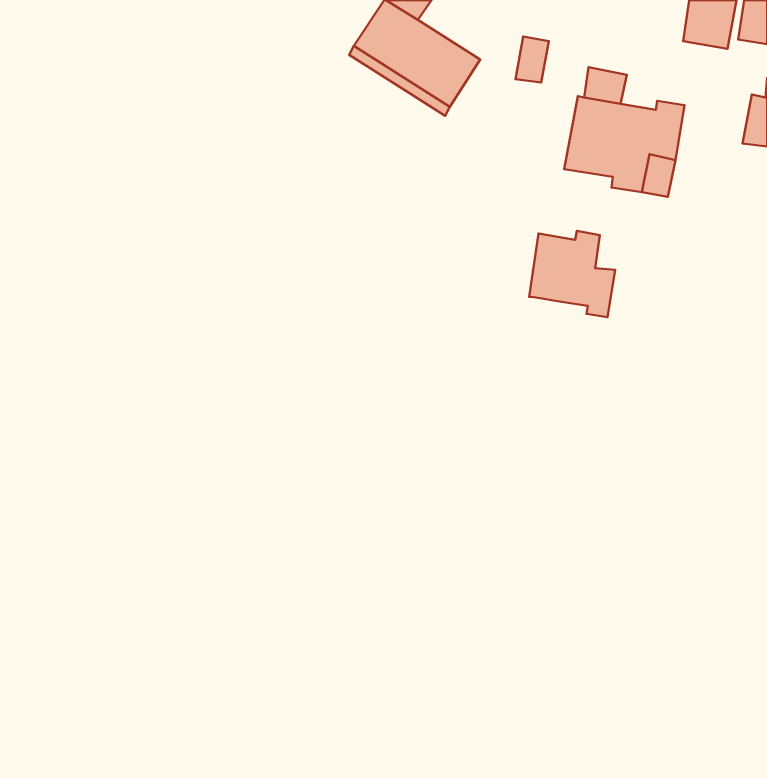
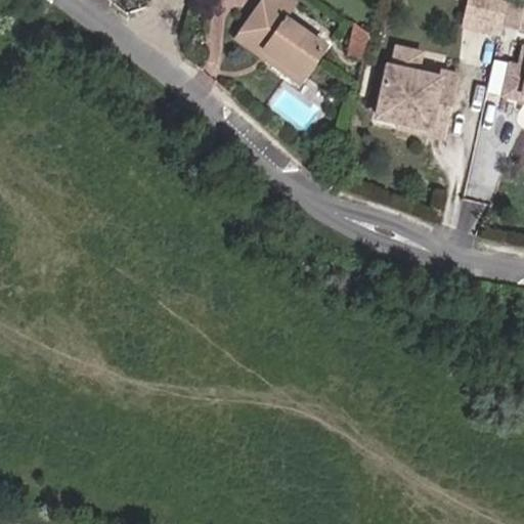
building: [529,231,615,317] -> none

